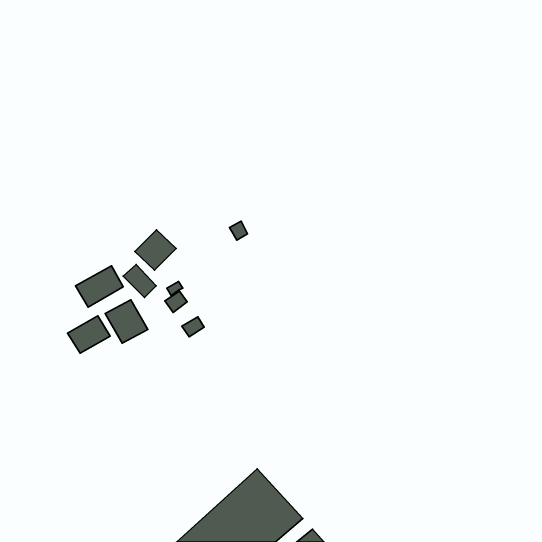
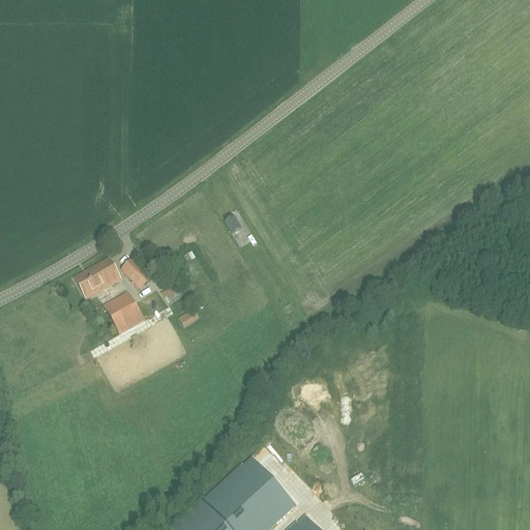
building: [135,230,176,270] -> none
building: [68,316,110,353] -> none

